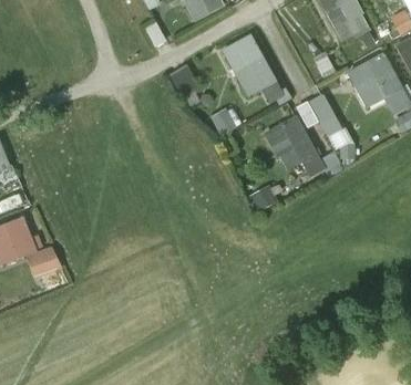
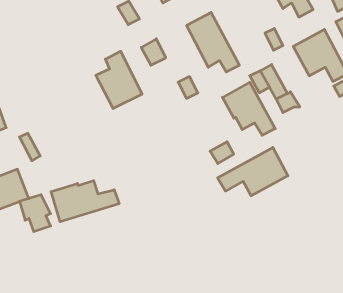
building: none -> [96,51,142,109]
building: none -> [218,147,288,196]
building: none -> [51,181,119,222]

